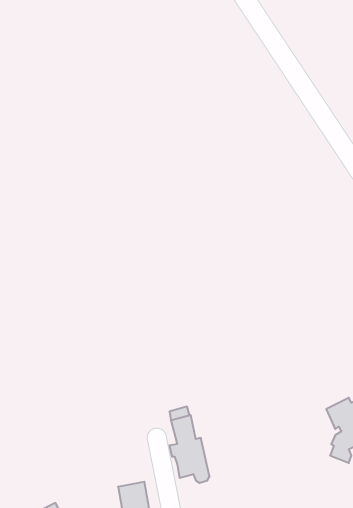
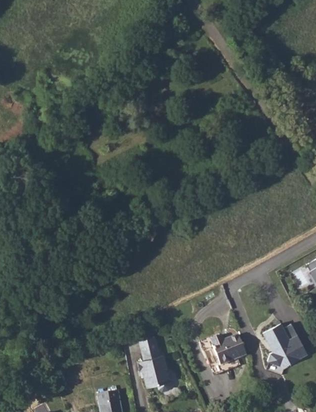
building: none -> [211,334,247,365]

